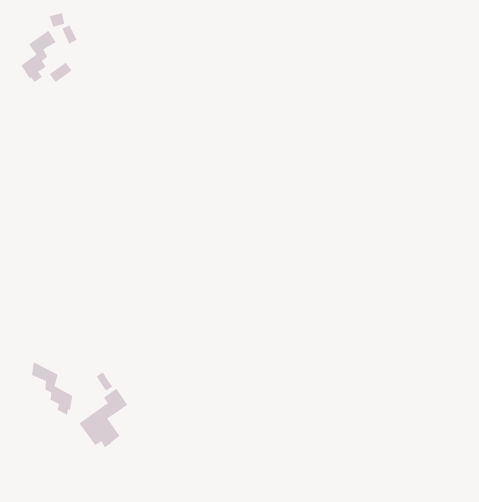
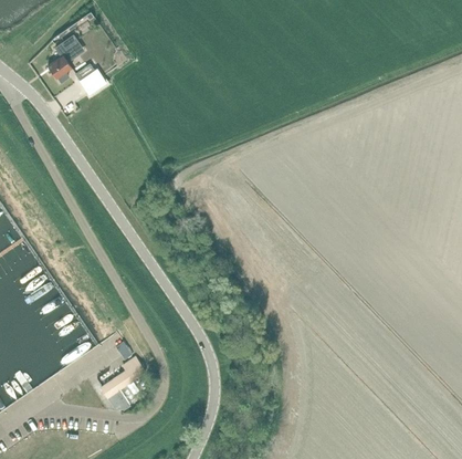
building: [32,361,73,416] -> none

